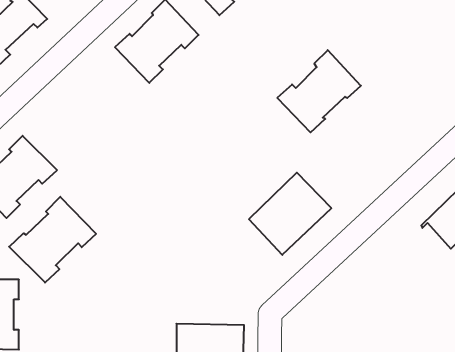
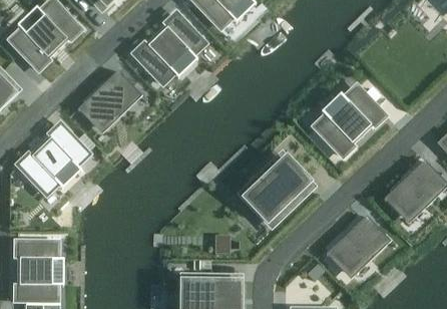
building: [277,50,361,132] -> [315,88,383,156]
building: none -> [77,71,142,128]
building: [9,197,96,283] -> none
building: none -> [326,217,390,274]

